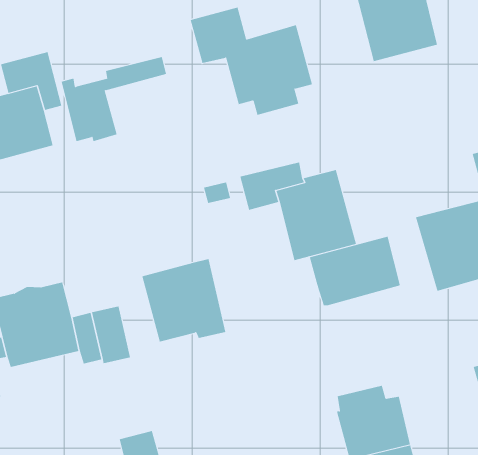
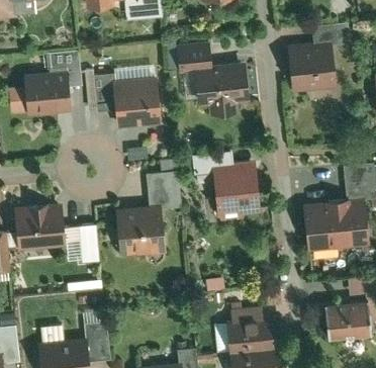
building: none -> [112,78,162,130]
building: none -> [147,172,180,205]
building: [309,236,401,306] -> none

